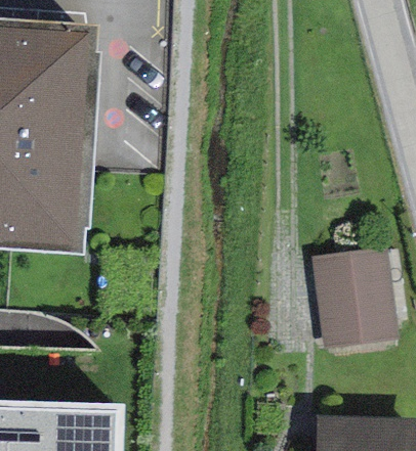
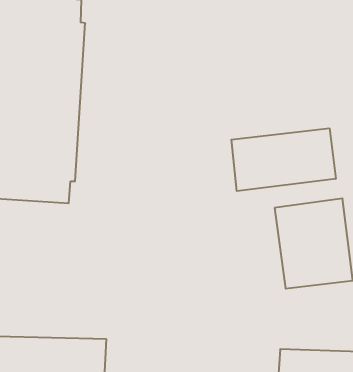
building: none -> [231,128,336,191]

